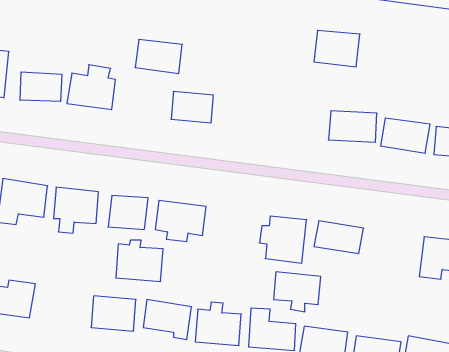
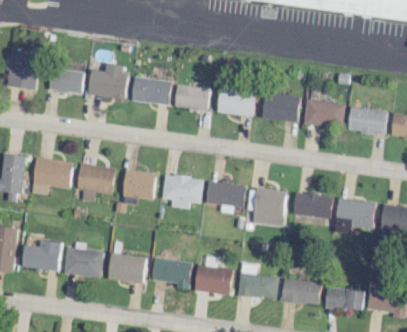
building: [314,30,360,67] -> [263,93,301,123]
building: [135,40,182,74] -> [133,77,172,105]
building: none -> [218,87,256,116]
building: none -> [336,200,375,233]
building: [116,240,163,281] -> [65,244,104,278]
building: [274,272,321,312] -> [207,181,246,214]

